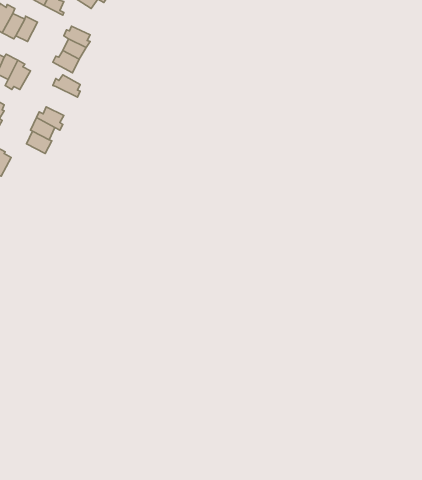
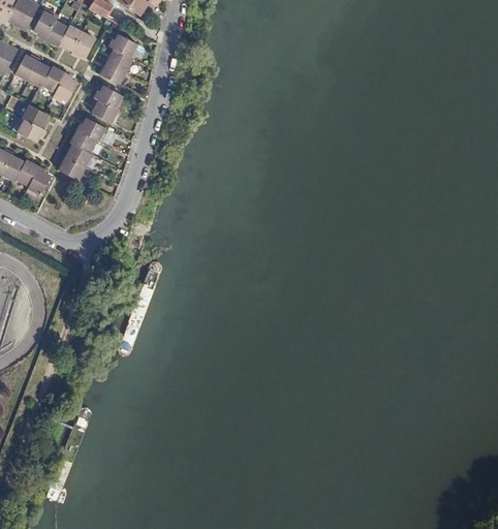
building: none -> [67,29,95,58]
building: none -> [93,97,122,124]
building: none -> [61,156,88,183]

